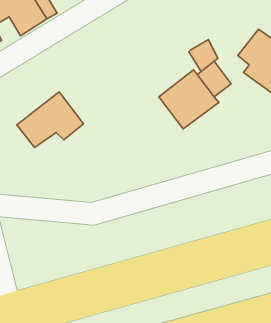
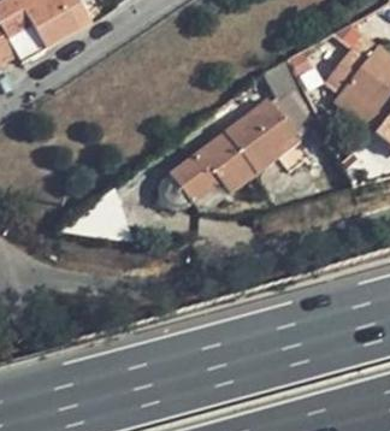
building: [17,92,83,148] -> [167,131,253,202]

